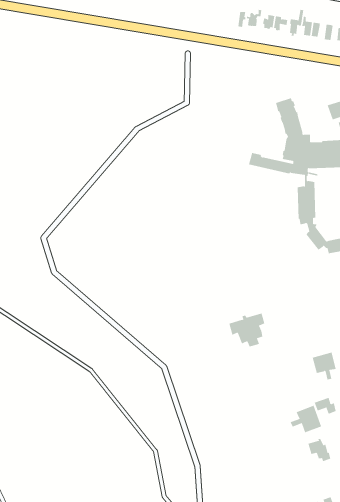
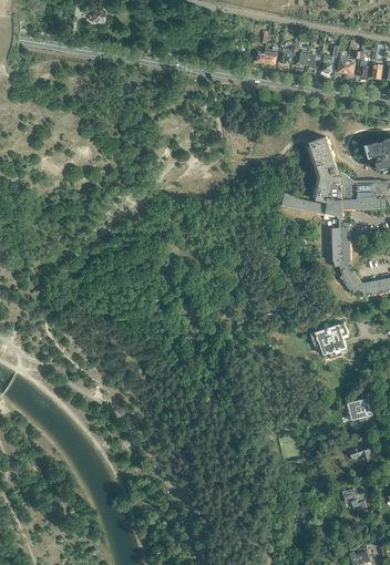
building: [229,313,270,347] -> [309,322,351,358]
building: [290,405,322,433] -> none

